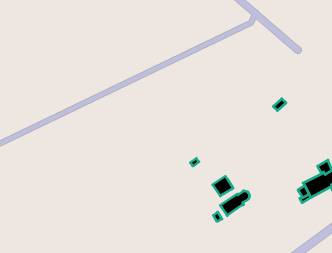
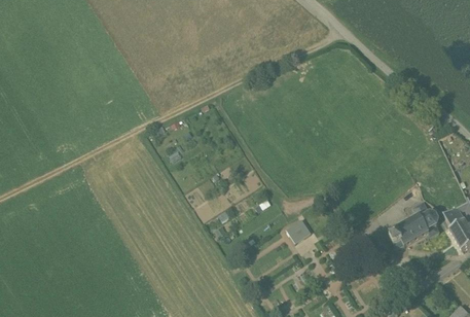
building: [220,191,249,216] -> none

